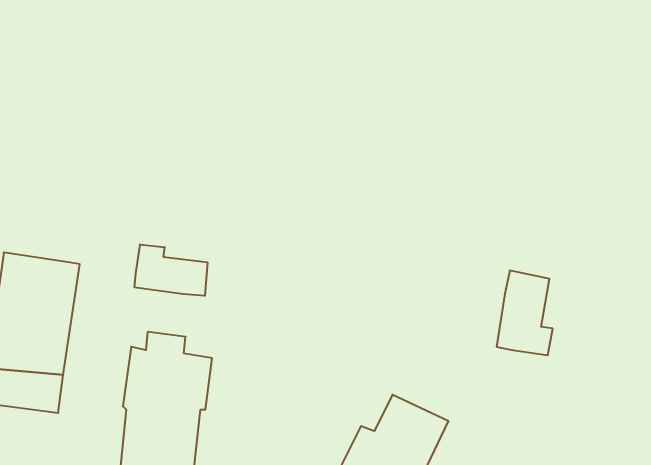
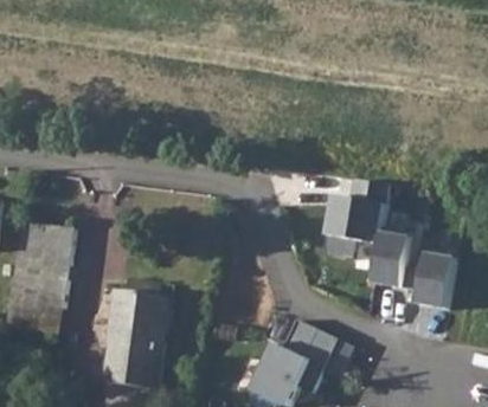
building: none -> [327,189,390,251]
building: [135,244,207,296] -> none
building: none -> [410,256,454,314]

